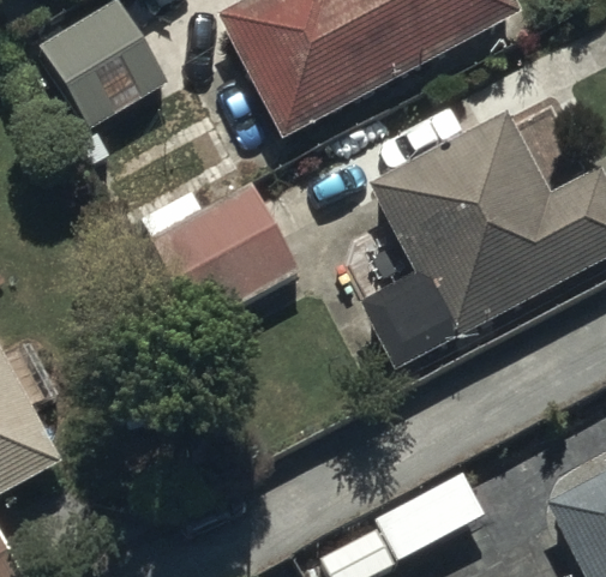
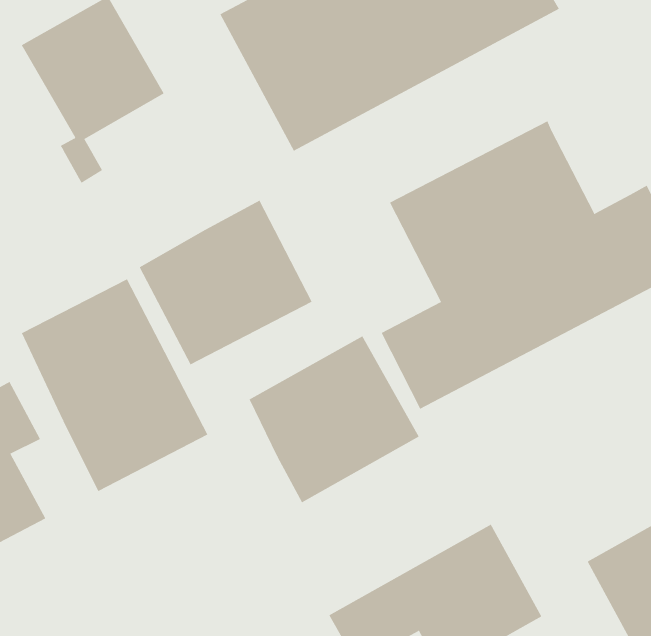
building: none -> [21,279,208,492]
building: none -> [249,336,419,503]

